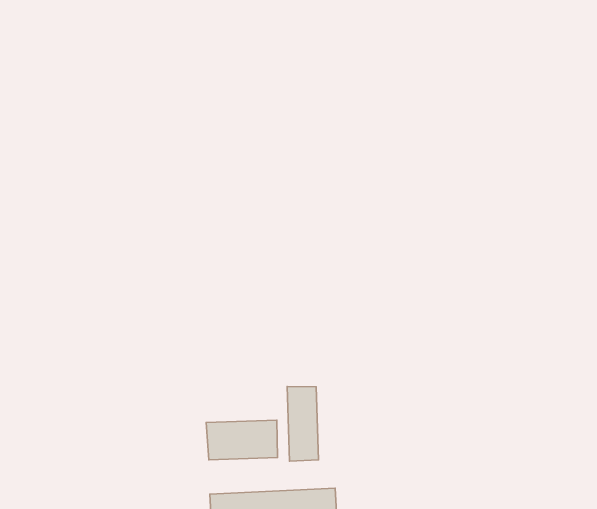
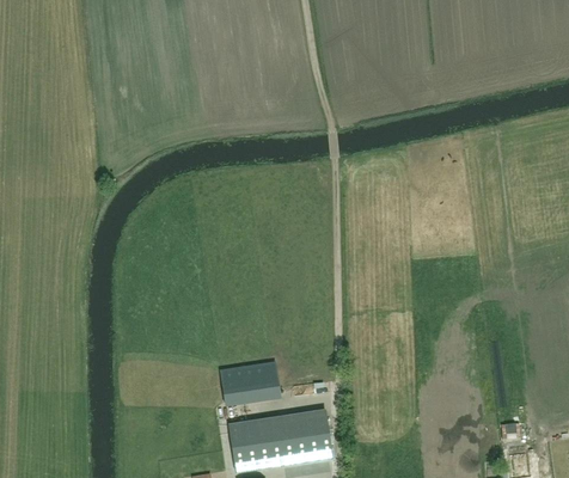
building: [287,387,318,461] -> none

